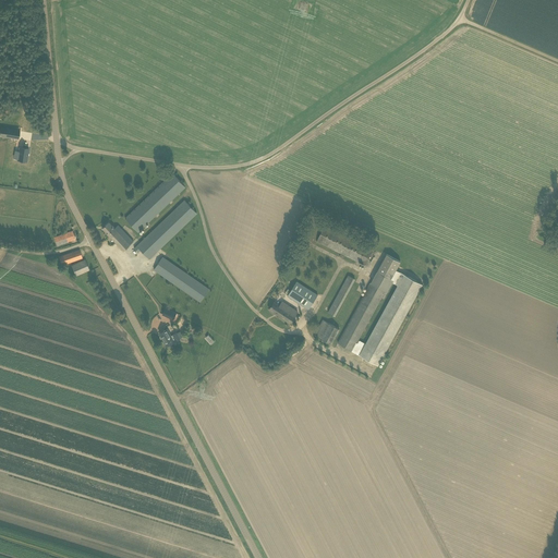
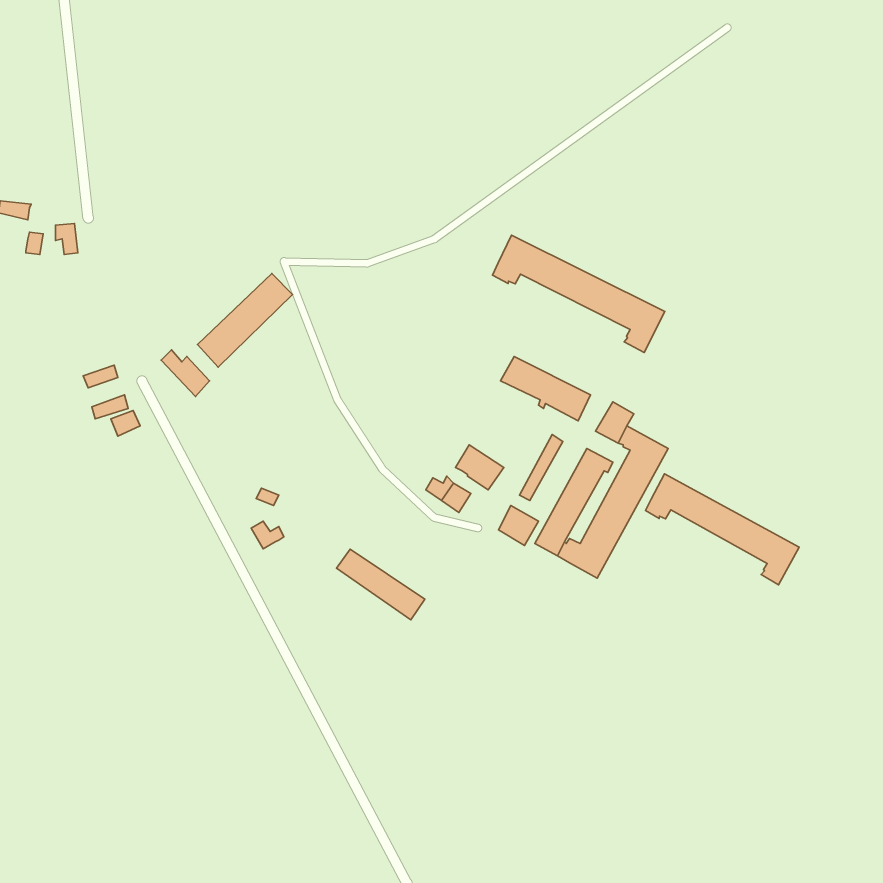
building: none -> [492,235,665,353]
building: [133,199,196,258] -> none
building: [153,256,208,301] -> [336,549,425,620]
building: none -> [645,474,799,585]

